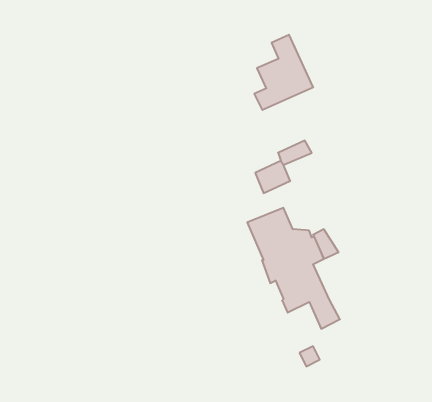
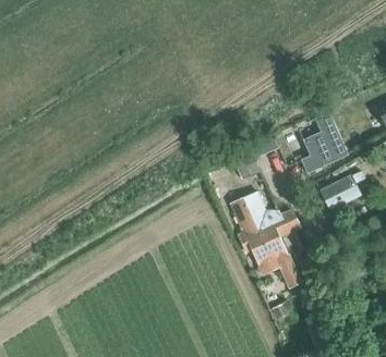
building: [254,35,313,110] -> [301,112,349,173]
building: none -> [318,174,361,211]

